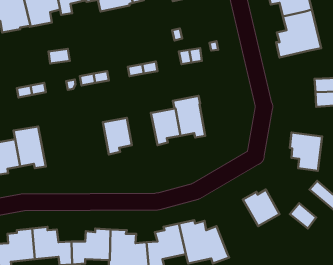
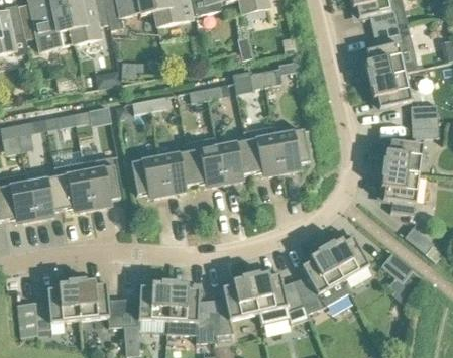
building: none -> [368,73,411,109]
building: none -> [273,130,309,173]
building: none -> [186,137,224,187]
building: none -> [382,140,423,174]
building: none -> [83,156,120,210]
building: none -> [130,157,166,198]
building: none -> [294,249,349,314]

